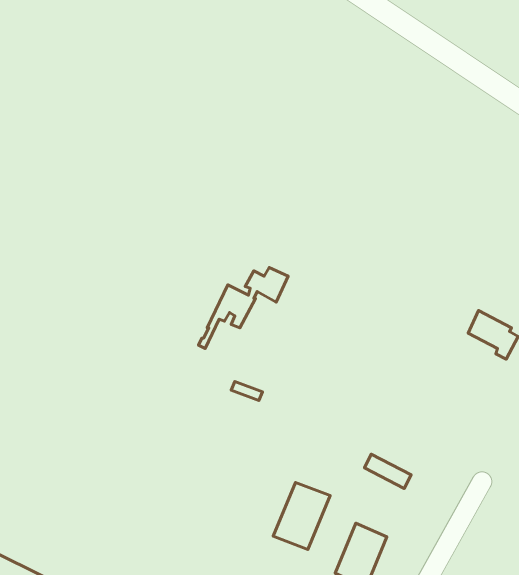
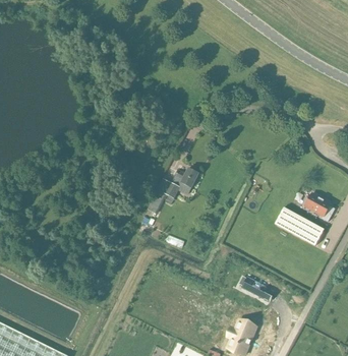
building: none -> [275,209,324,247]
building: [273,482,330,549] -> none

